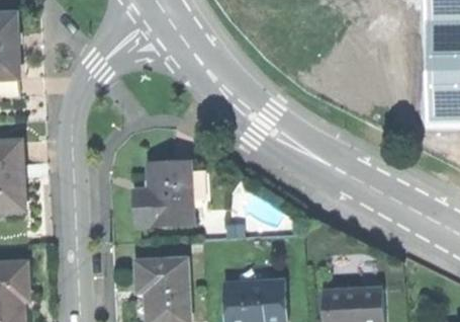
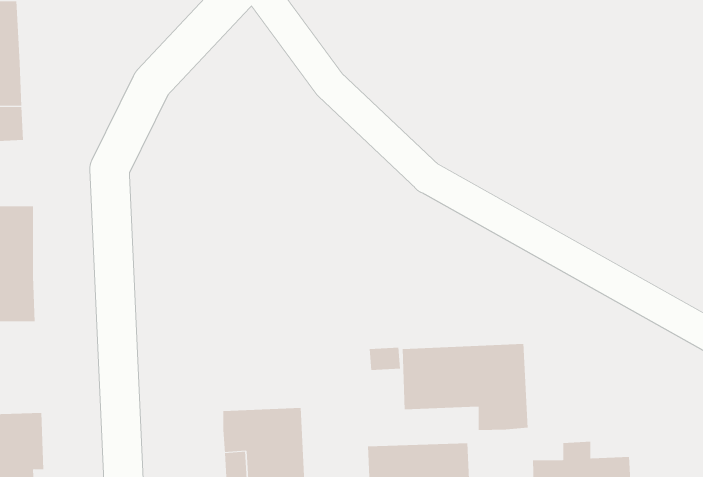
building: [134,163,193,227] -> none
building: none -> [402,343,528,431]

